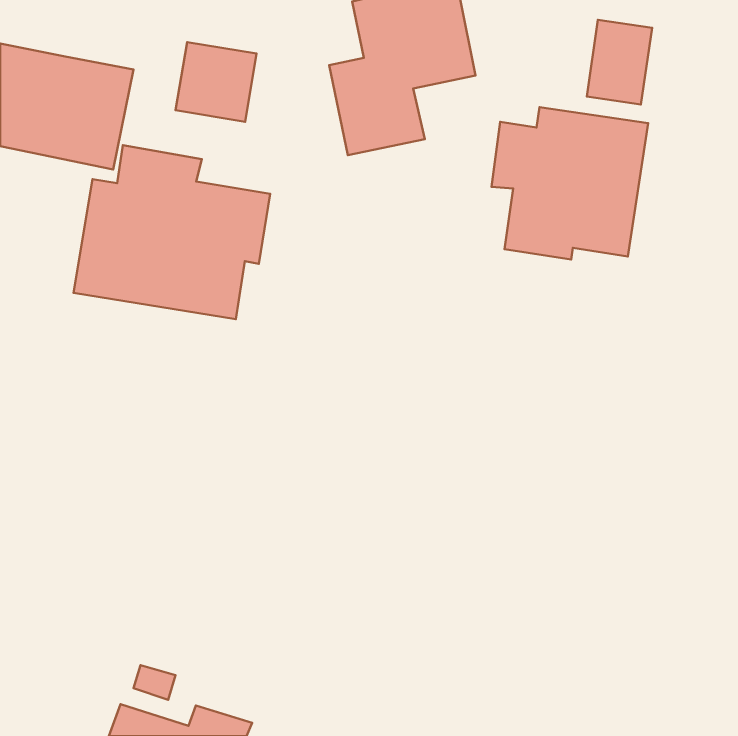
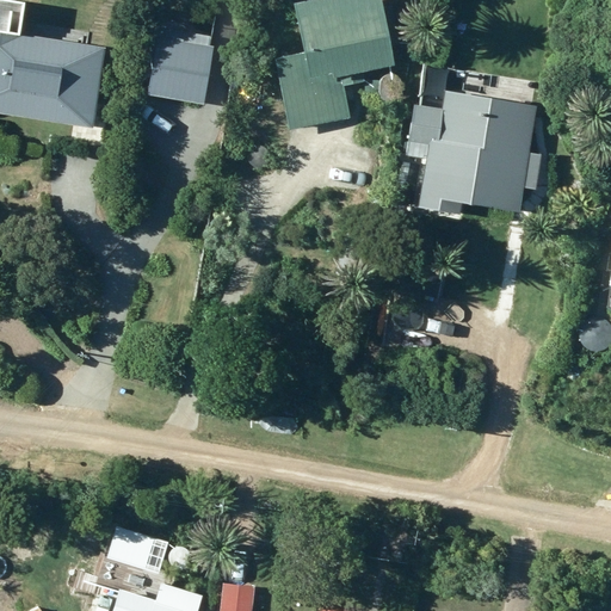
building: [587,20,652,105] -> none
building: [73,145,270,319] -> none

